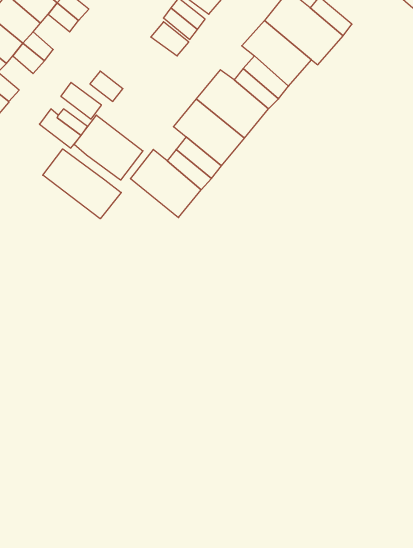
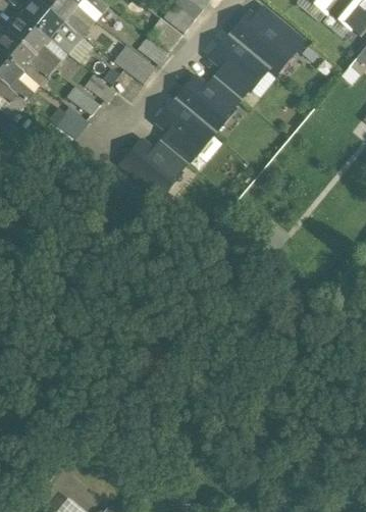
building: none -> [115,46,156,83]
building: [74,115,143,180] -> none
building: [43,149,121,219] -> none

